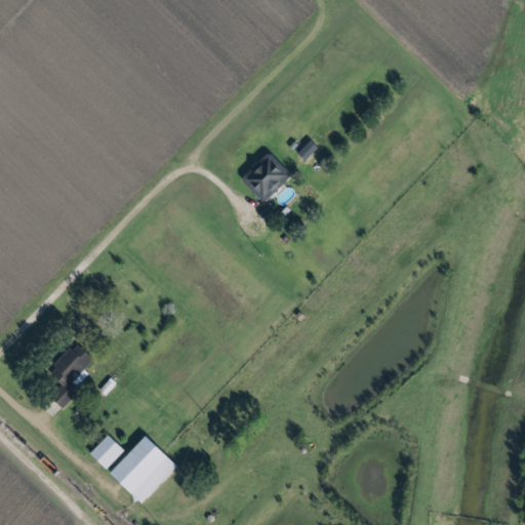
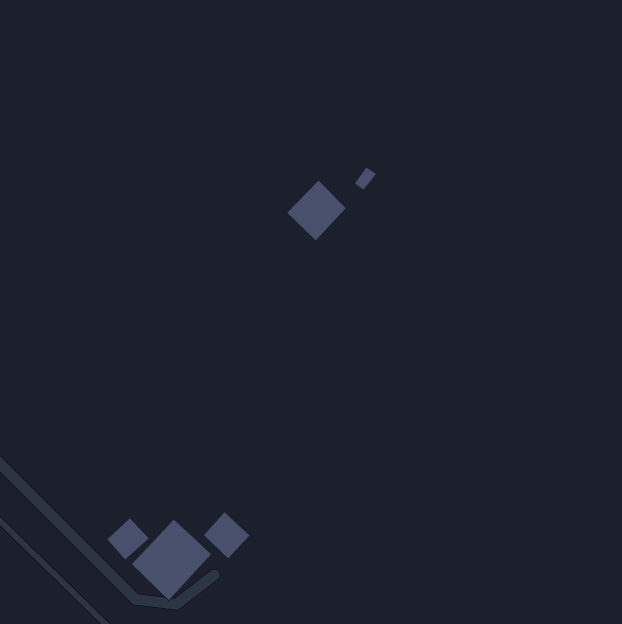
building: [49,344,93,408] -> none
building: none -> [203,511,250,559]

